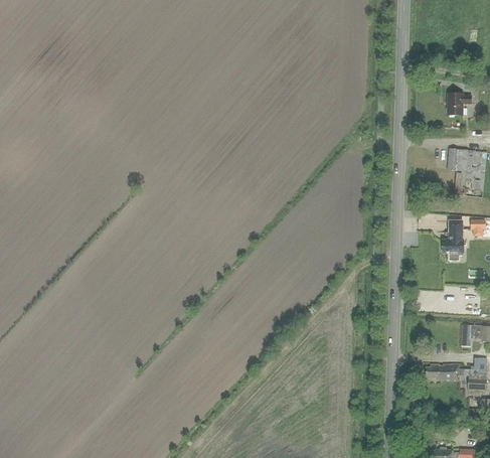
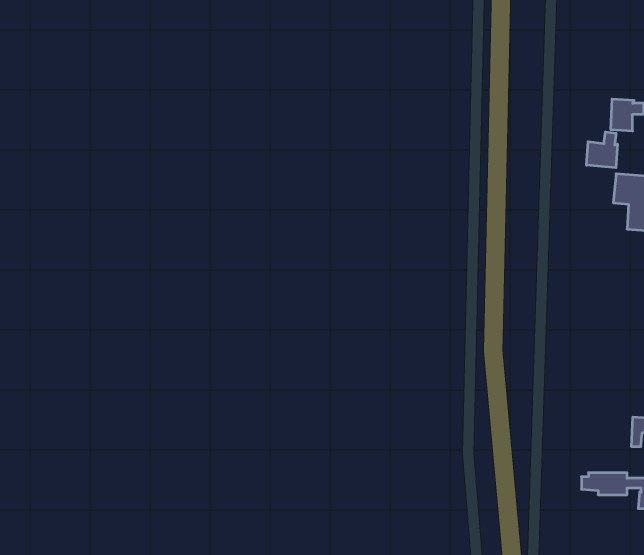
building: none -> [587,132,617,168]
building: [442,219,463,253] -> none

